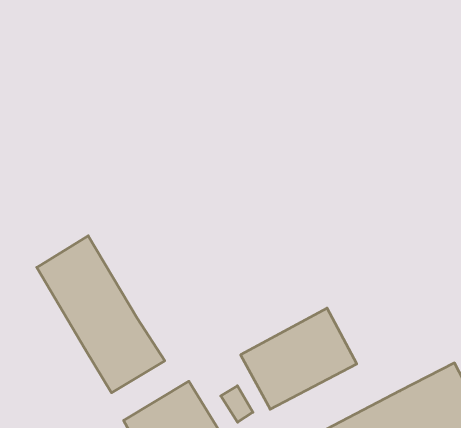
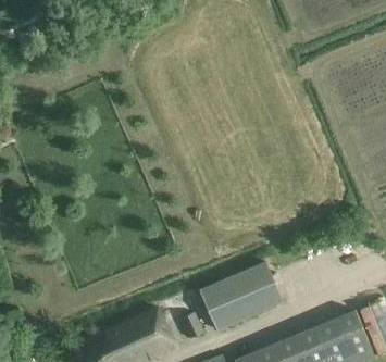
building: [37,236,165,393] -> none

